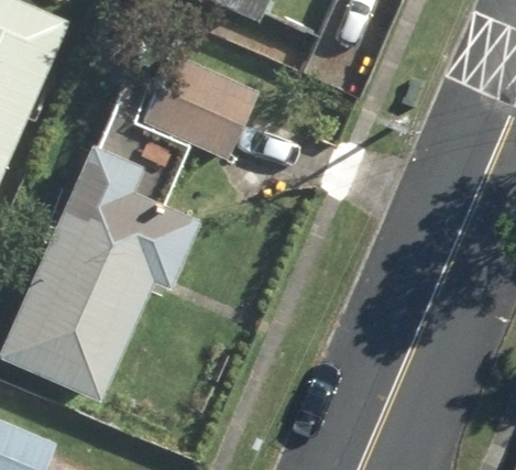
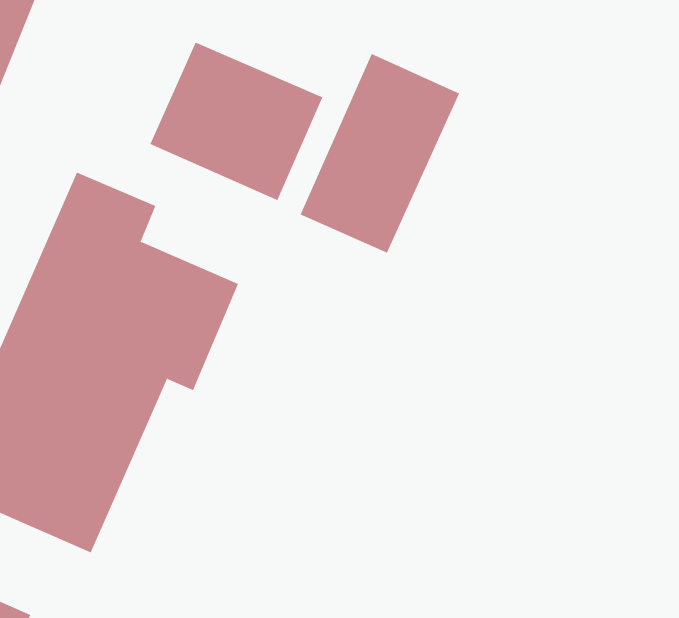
building: none -> [300,53,460,253]

